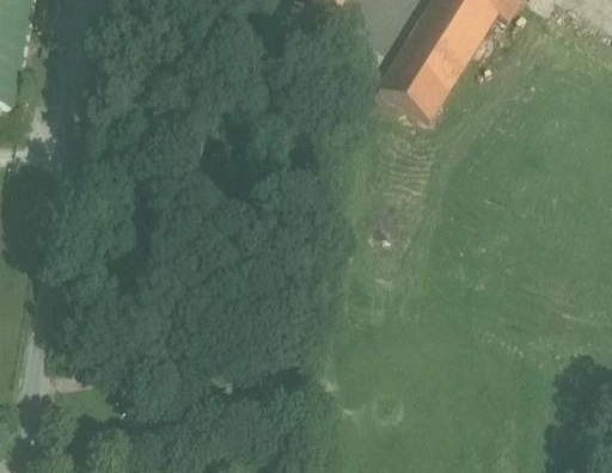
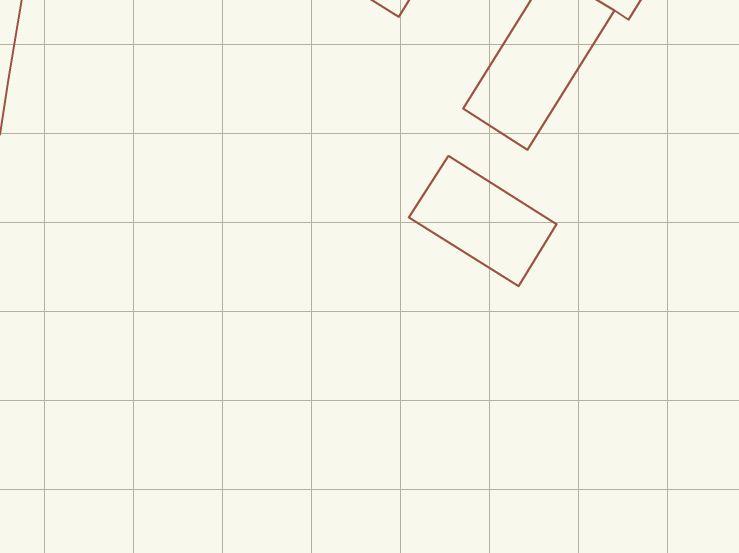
building: none -> [409,156,557,286]

